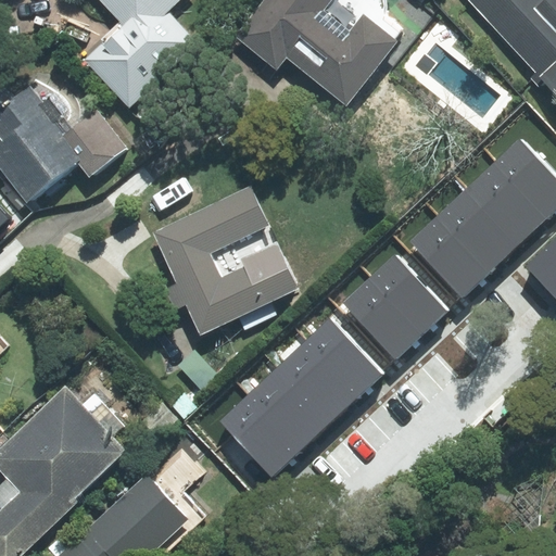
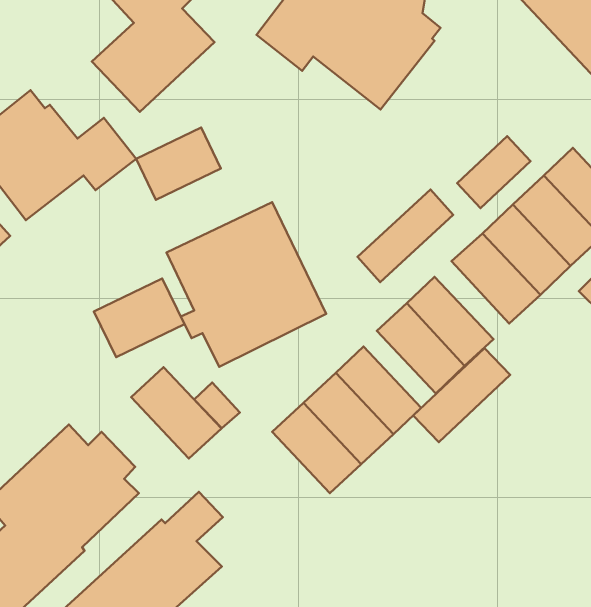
building: none -> [136,127,221,200]
building: none -> [457,136,530,208]
building: none -> [357,190,453,282]
building: none -> [94,279,185,357]
building: none -> [413,348,510,442]
building: [218,394,300,477] -> [131,367,221,458]

